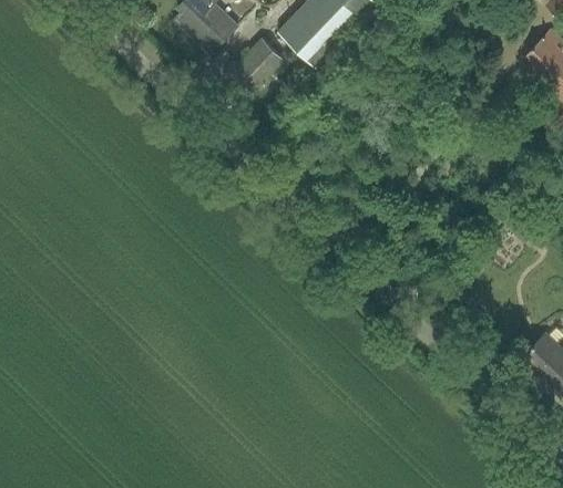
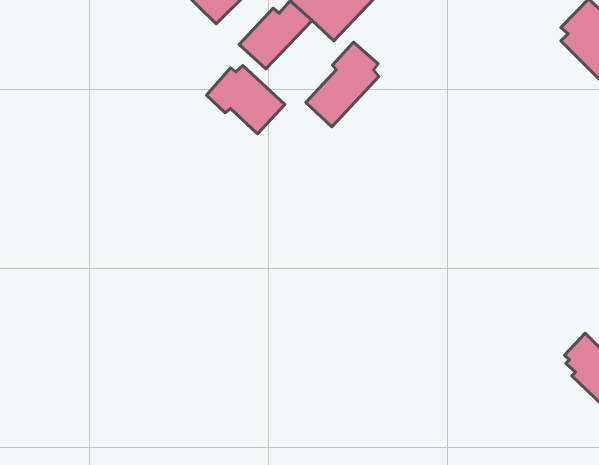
building: none -> [306,42,379,127]
building: none -> [206,65,285,134]

